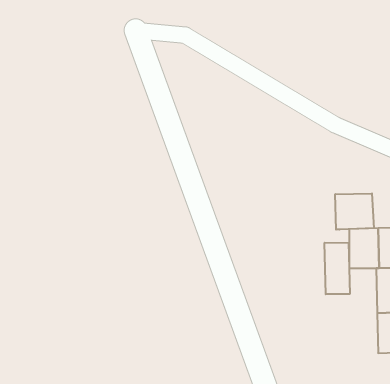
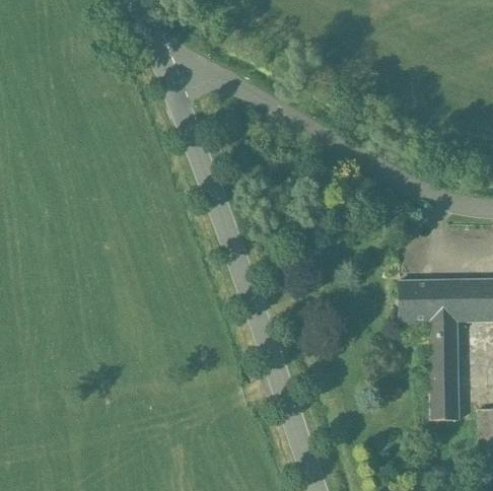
building: [335,193,374,230] -> none
building: [325,243,350,294] -> none

